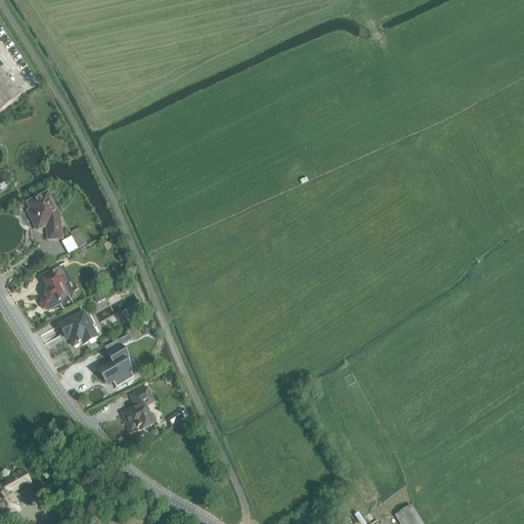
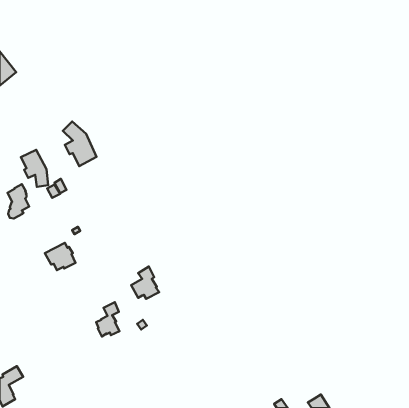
building: none -> [63,121,97,166]
building: [39,264,67,308] -> [7,184,29,219]
building: [97,344,133,385] -> [131,267,159,299]

